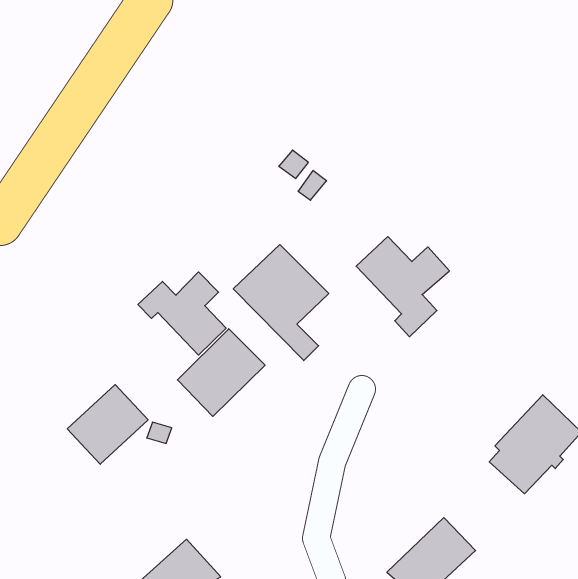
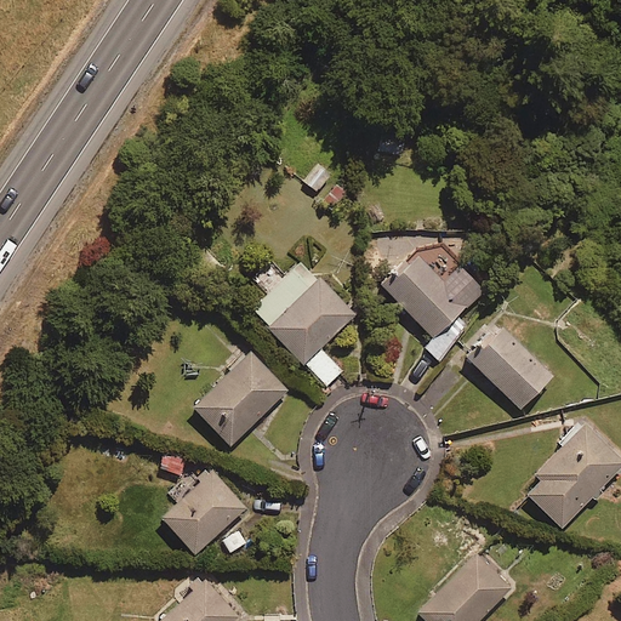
building: [138,272,226,355] -> none
building: none -> [466,325,551,409]
building: [67,385,148,464] -> [160,471,246,556]

